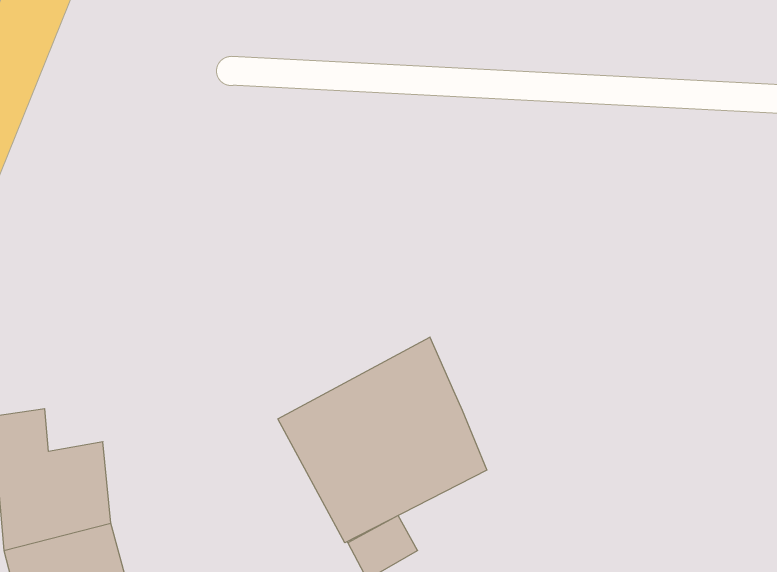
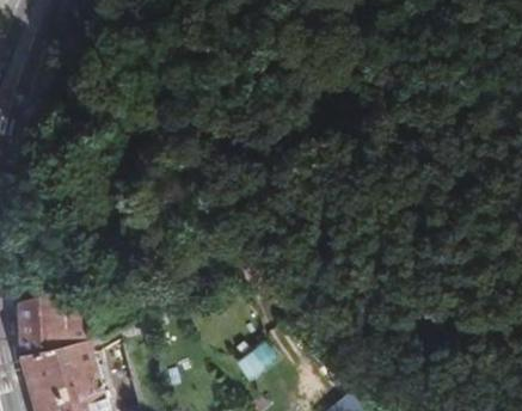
building: [278,337,487,543] -> none

